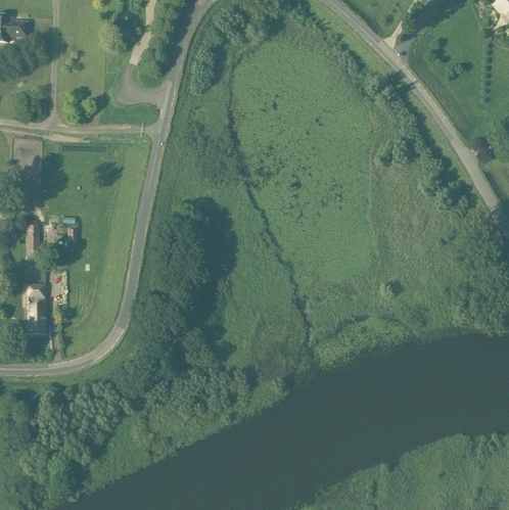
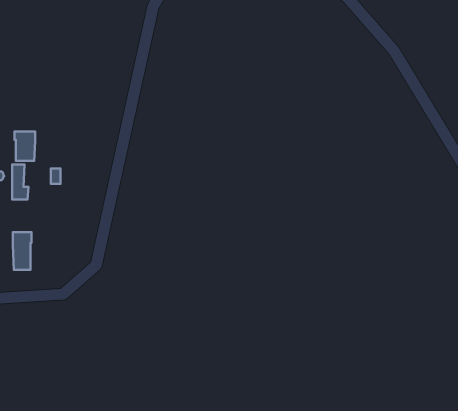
building: none -> [15,131,35,161]

